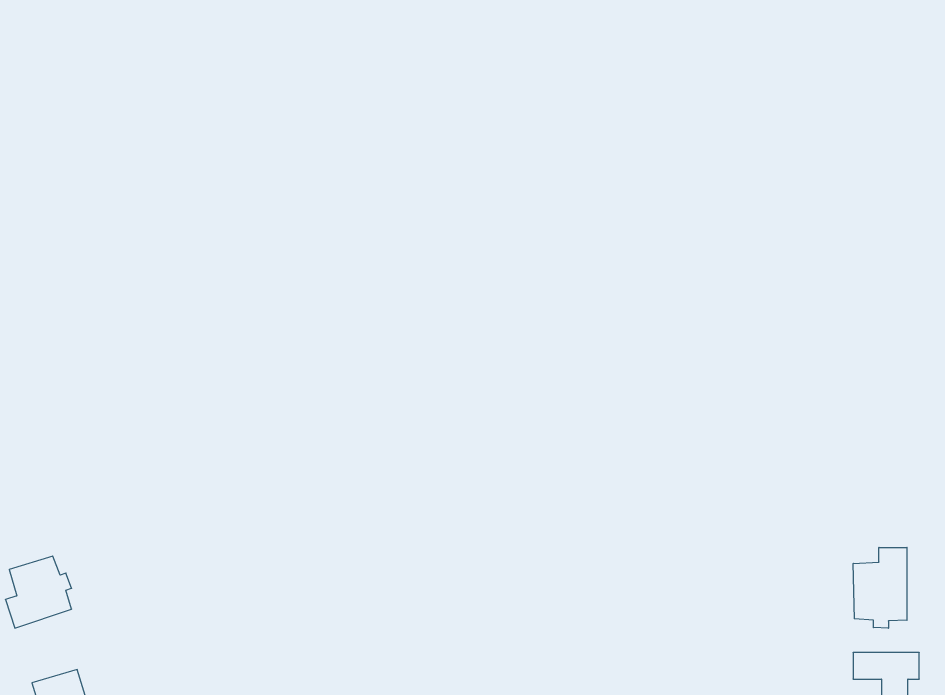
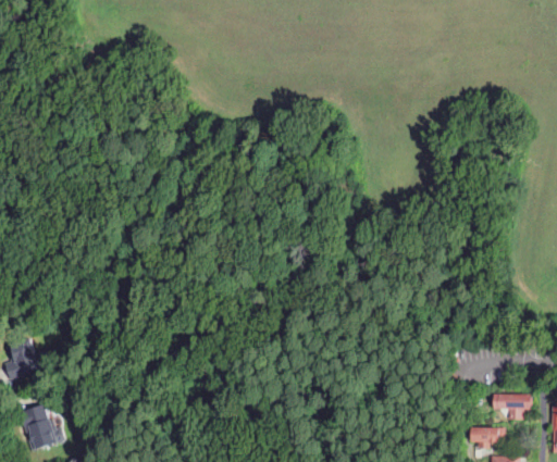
building: [853,547,907,628] -> none

